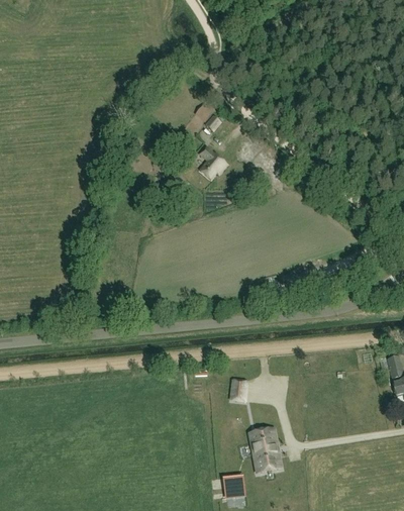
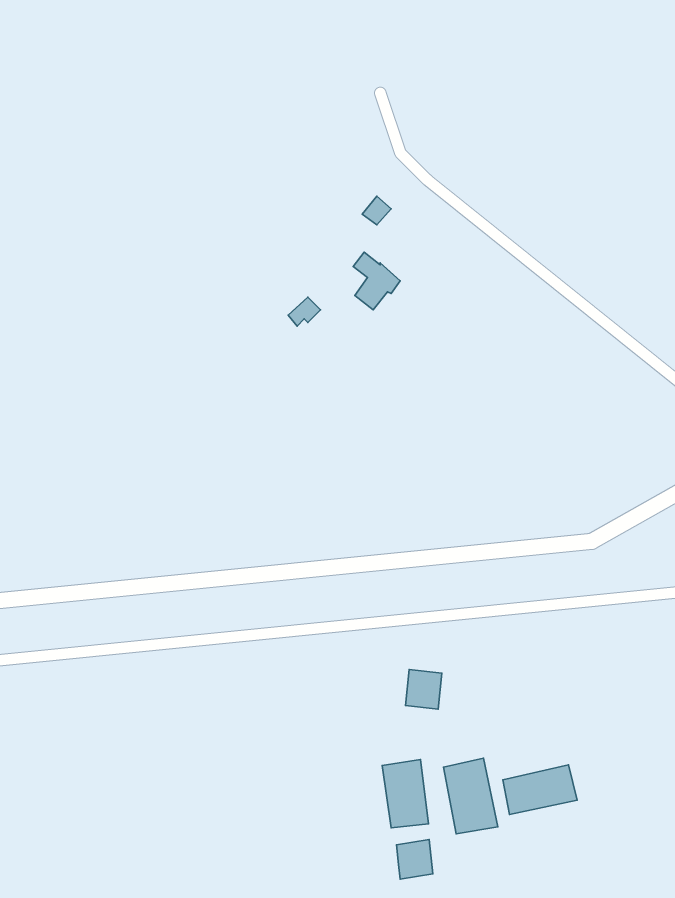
building: none -> [382,759,429,828]
building: none -> [503,765,577,814]

